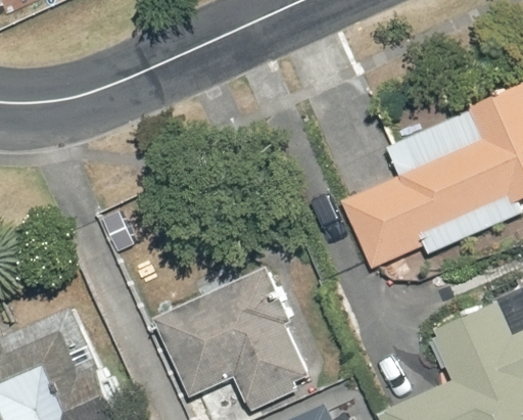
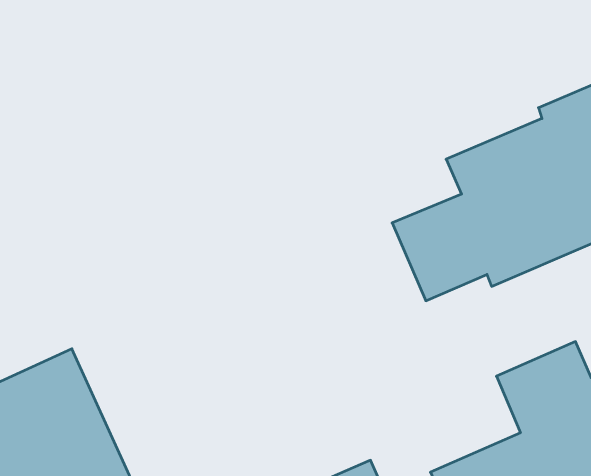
building: [152,263,320,410] -> none

